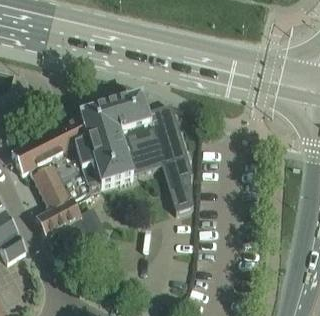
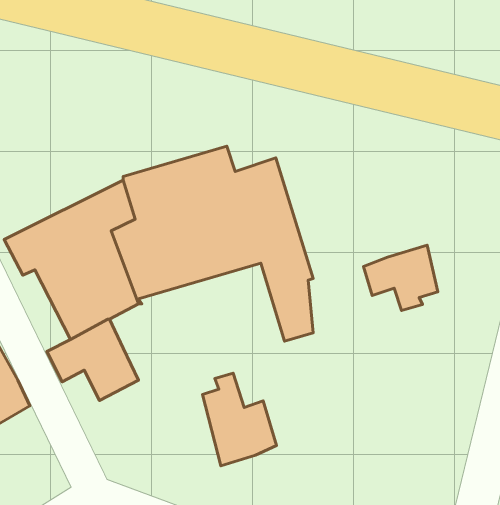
building: none -> [364,245,438,310]
building: none -> [203,373,276,466]

